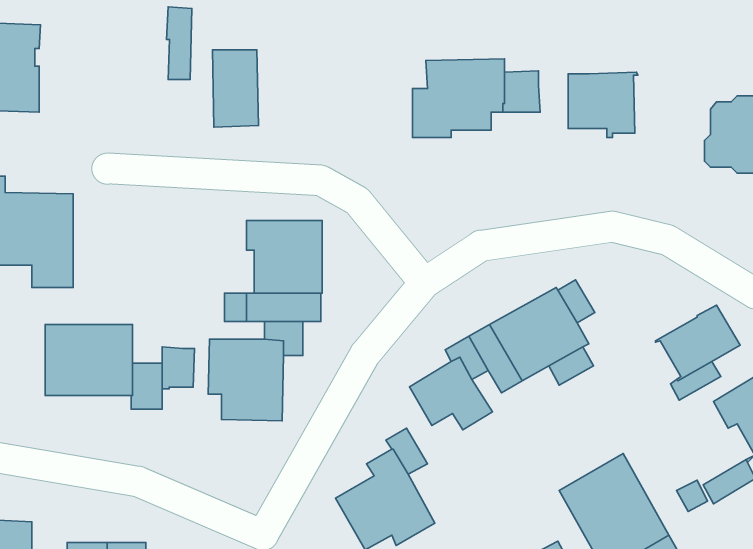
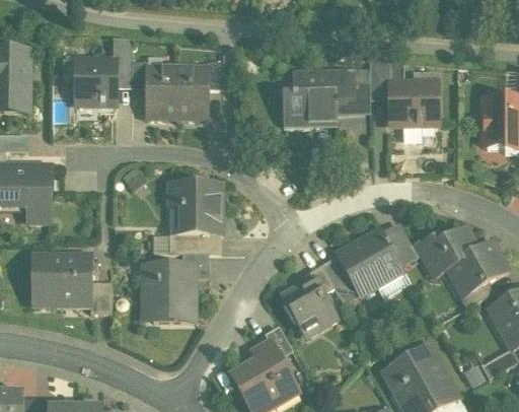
building: none -> [369,58,403,90]
building: none -> [76,59,117,101]
building: none -> [176,66,208,118]
building: none -> [420,226,477,273]
building: [162,347,194,389] -> none

